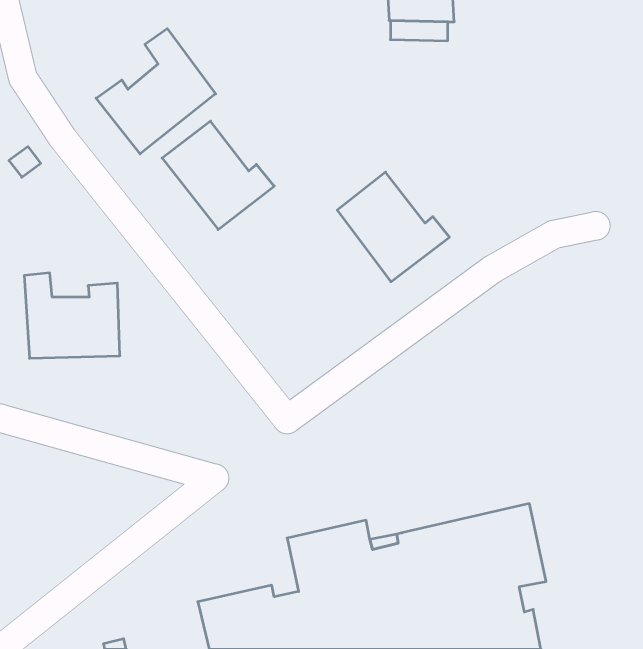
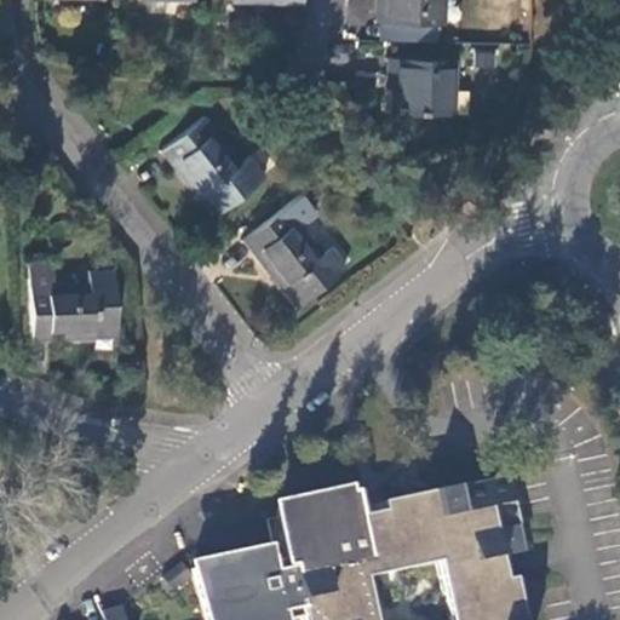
building: [96,29,216,154] -> none
building: none -> [388,57,458,113]
building: [337,172,449,282] -> [243,205,350,309]

